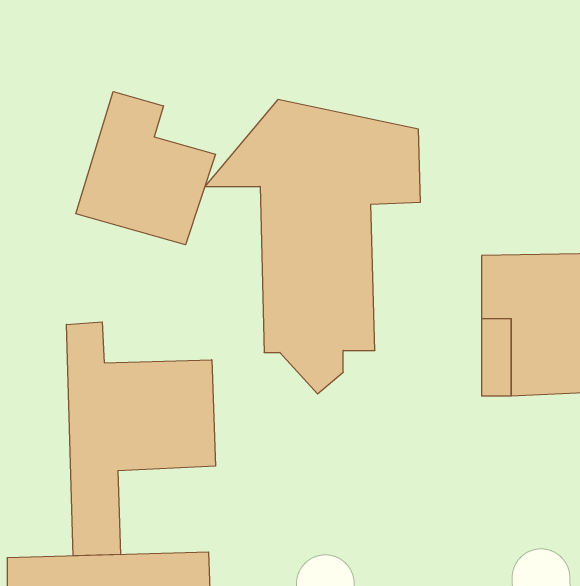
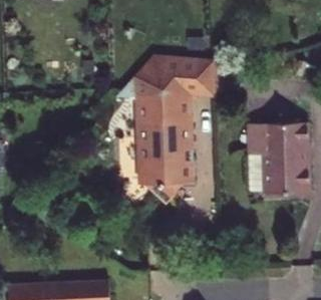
building: [76,92,215,245] -> none
building: [67,322,215,556] -> none

